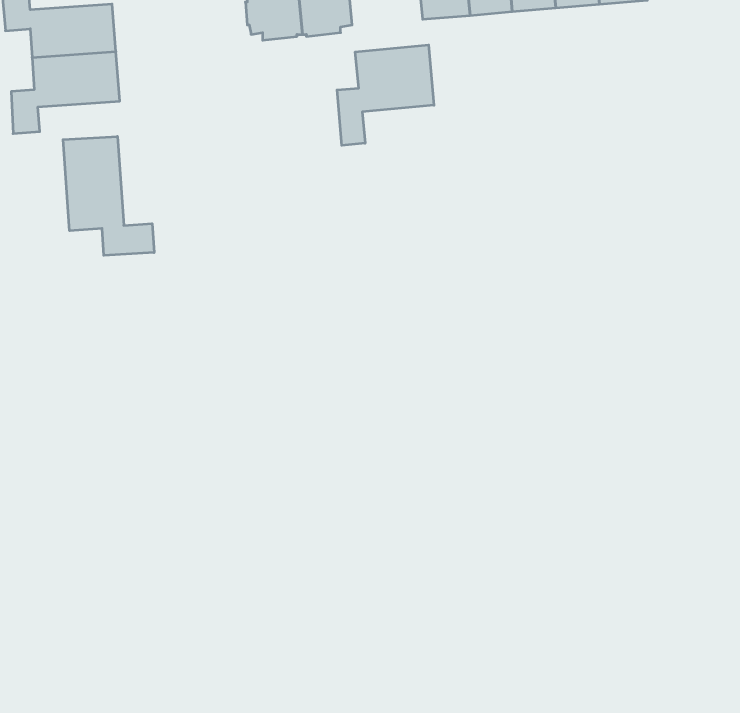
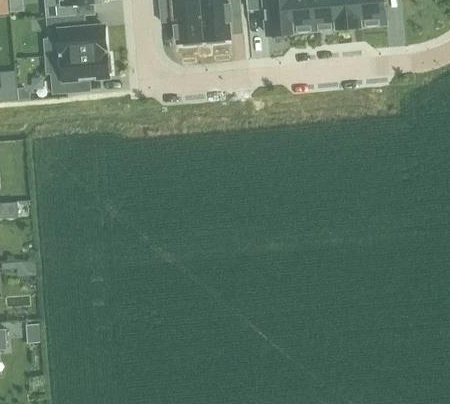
building: [337,45,434,145] -> none
building: [63,136,154,255] -> none

